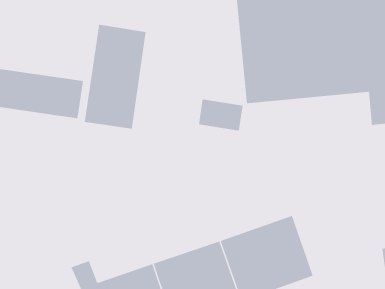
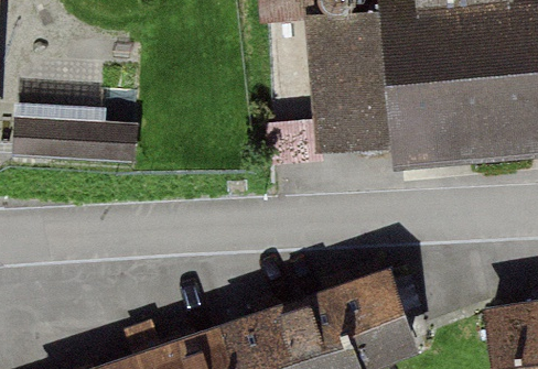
building: [84,24,146,129] -> none

